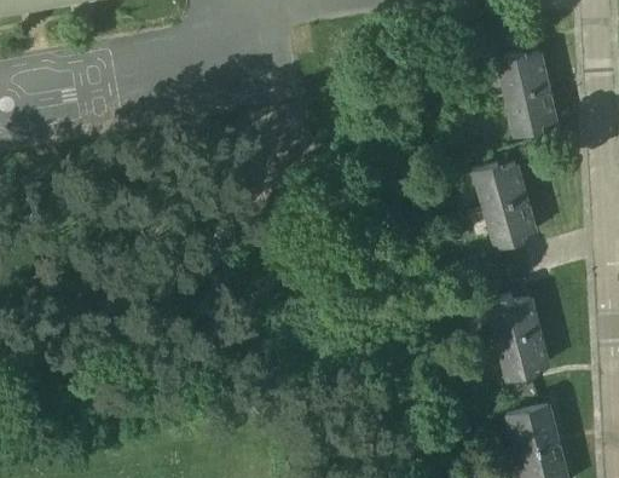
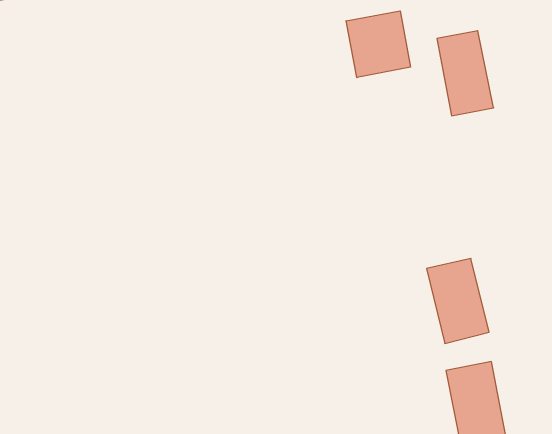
building: none -> [346,11,410,78]
building: [468,159,540,248] -> none

